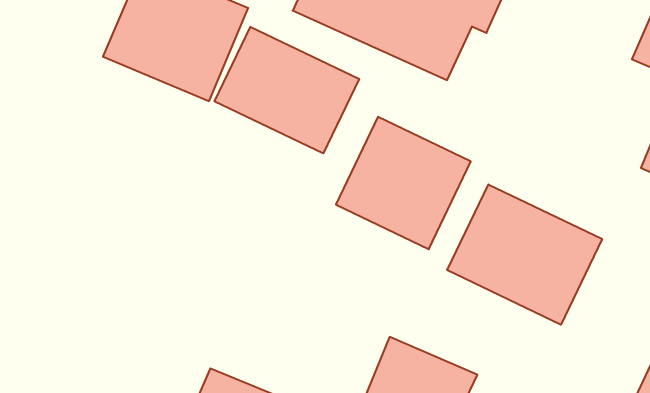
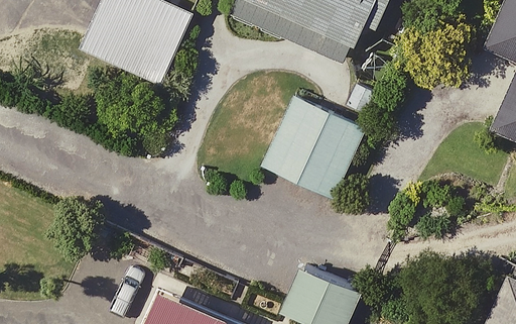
building: [215,27,359,153] -> none
building: [447,184,602,325] -> none

